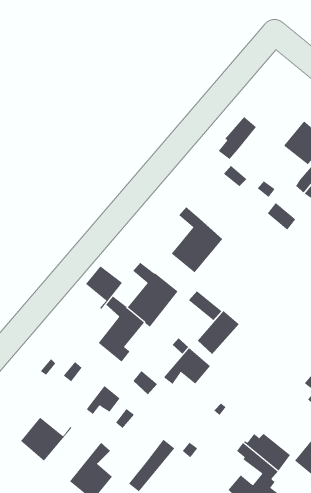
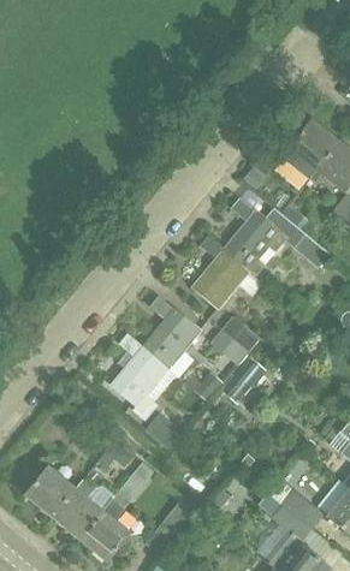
building: none -> [283,119,338,177]
building: none -> [224,198,286,275]
building: [85,265,123,310] -> none
building: none -> [220,313,261,351]
building: [163,347,211,385] -> none
building: none -> [52,480,114,539]

